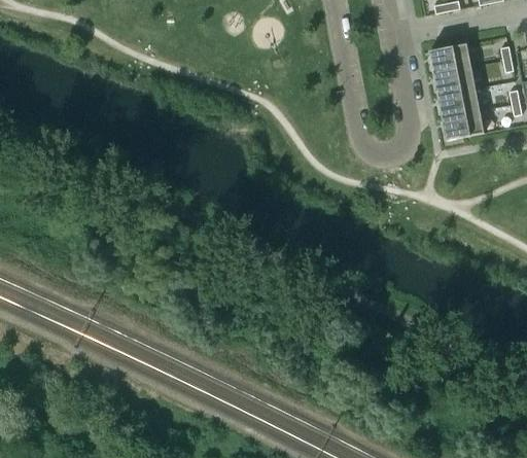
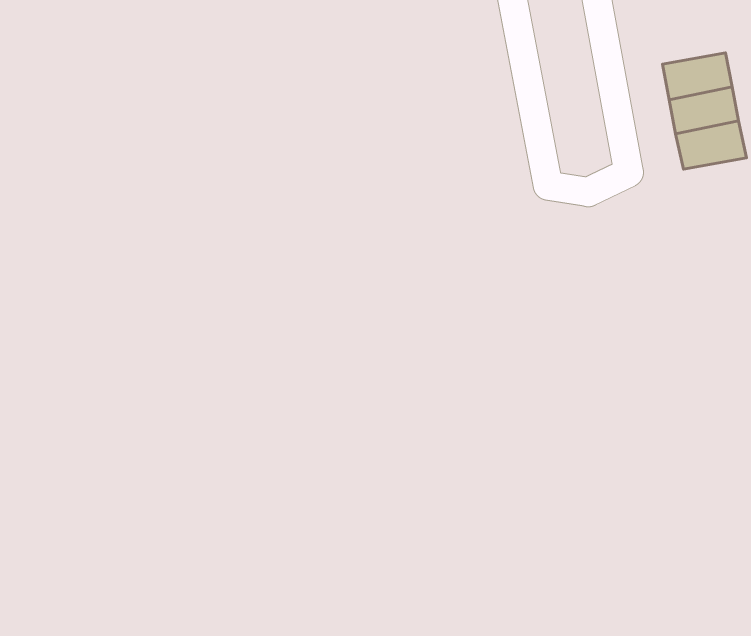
building: [429,39,473,70] -> none

